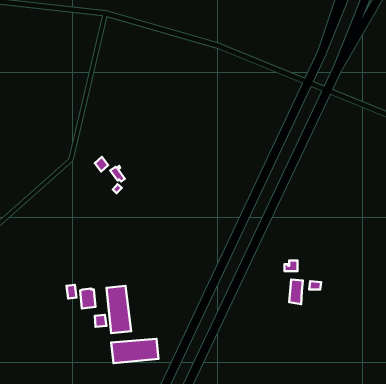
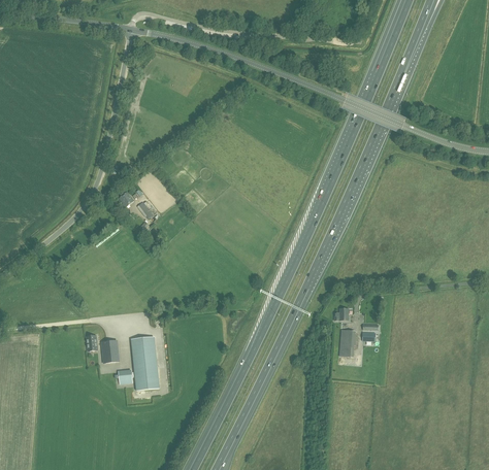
building: [111,339,159,363] -> none

